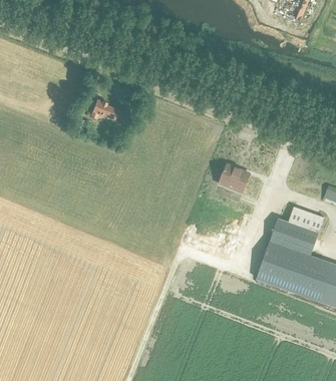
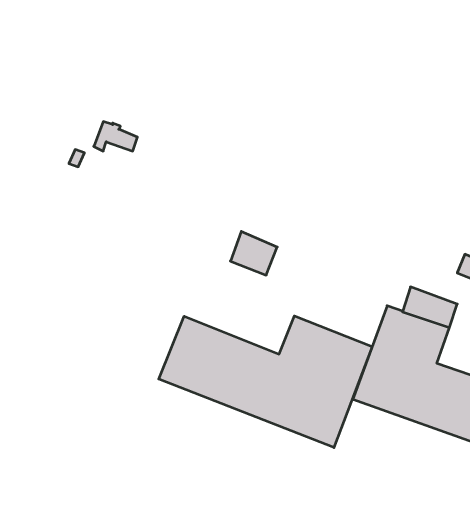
building: [219,164,249,193] -> [230,231,277,275]
building: none -> [159,316,372,448]

